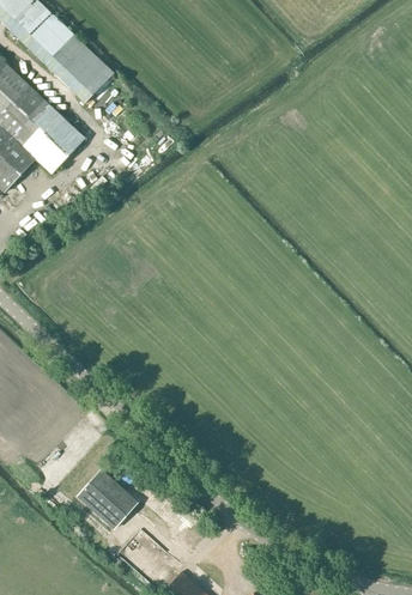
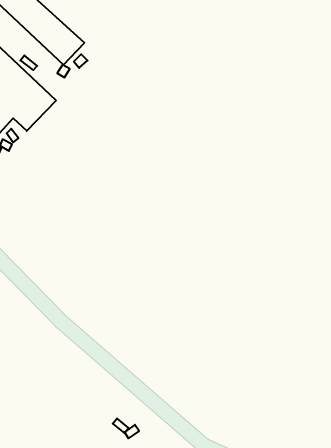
building: [77,472,137,530] -> none

